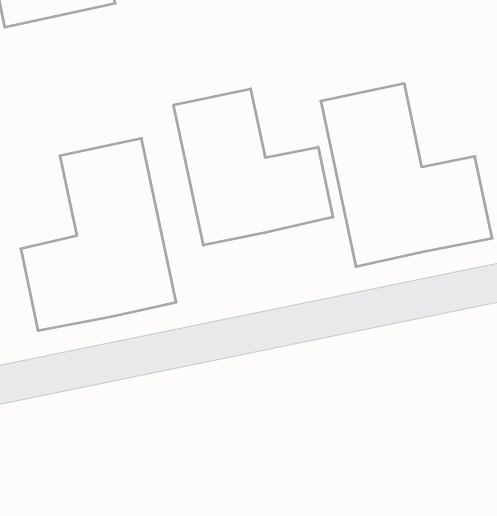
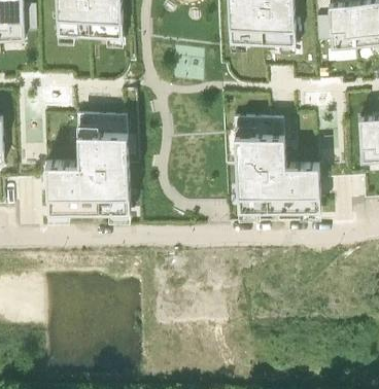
building: [174,89,333,245] -> none

